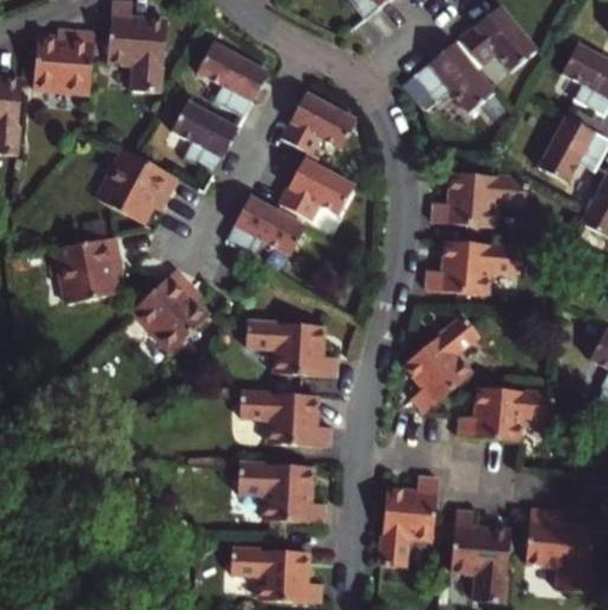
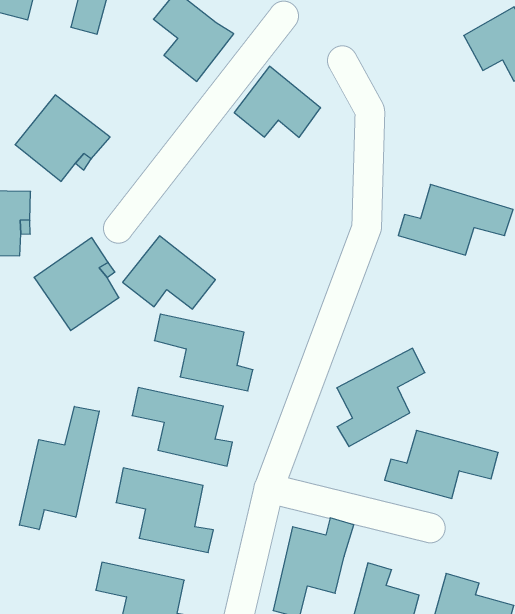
building: [420,43,501,113] -> none
building: [169,100,236,173] -> none
building: [277,157,352,220] -> none
building: [222,195,302,257] -> [123,236,215,309]
building: [430,239,526,294] -> none
building: none -> [19,406,99,530]

